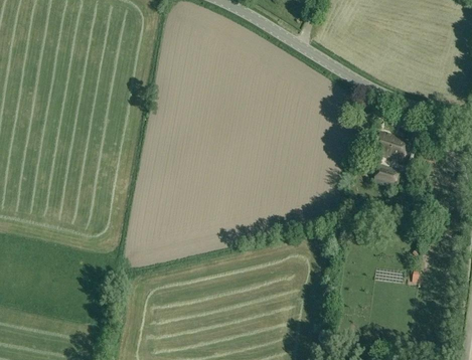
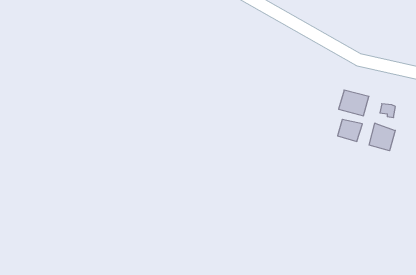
building: none -> [369,123,395,151]

